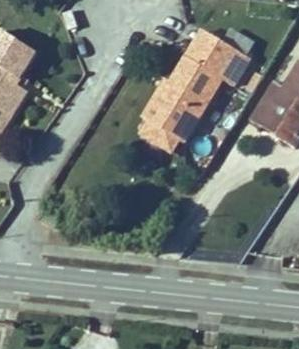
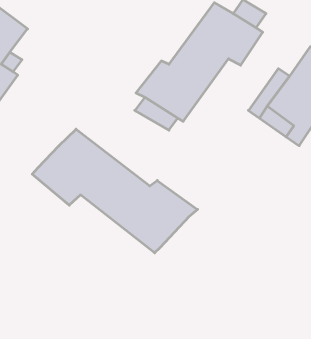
building: none -> [32,129,198,253]

